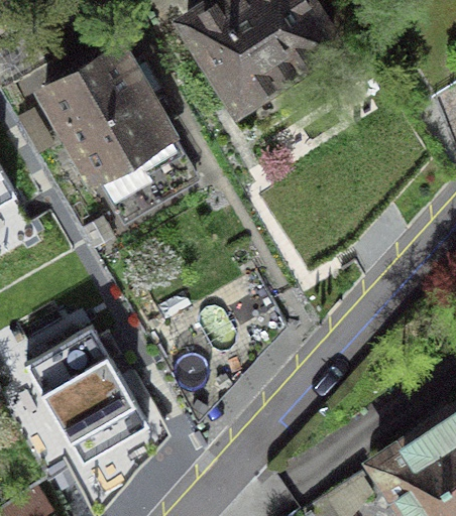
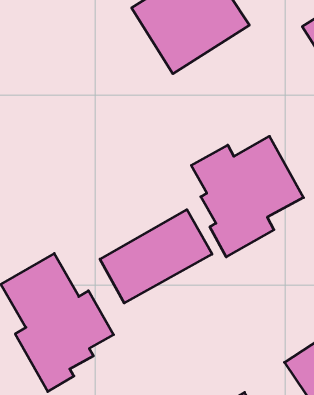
building: [42,47,195,220] -> none
building: none -> [191,136,304,257]

